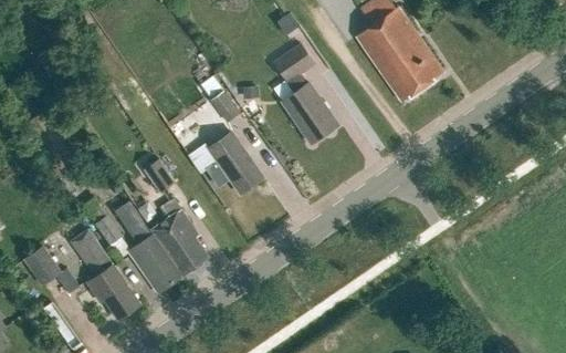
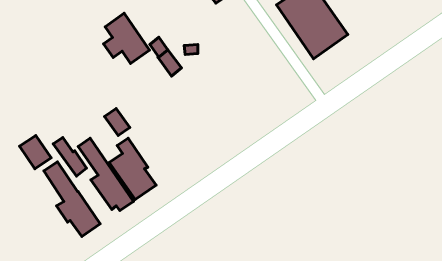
building: [273,44,338,145] -> none
building: [207,133,263,195] -> [103,13,149,64]
building: [25,245,64,285] -> [20,135,51,169]

